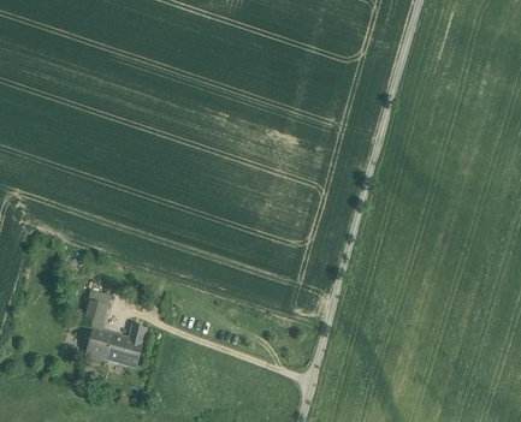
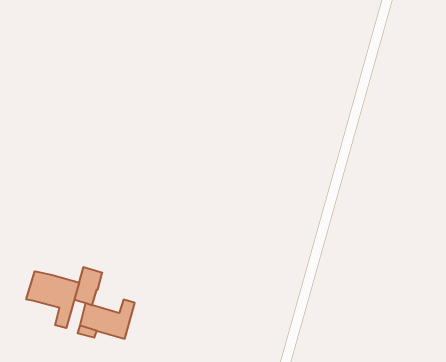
building: none -> [26,271,79,328]

